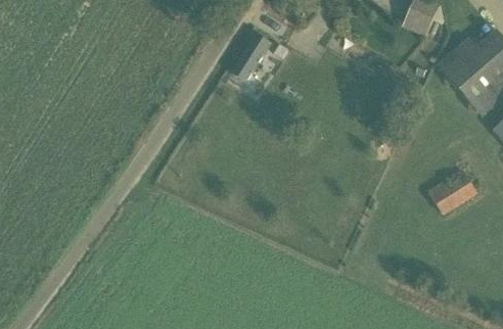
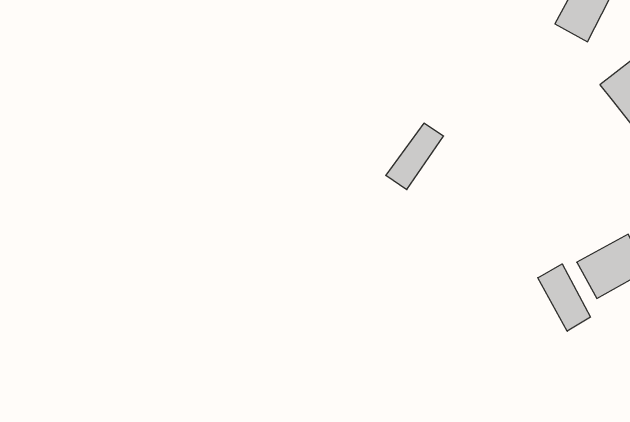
building: [232,31,271,78] -> [386,123,444,190]
building: none -> [538,264,590,331]

